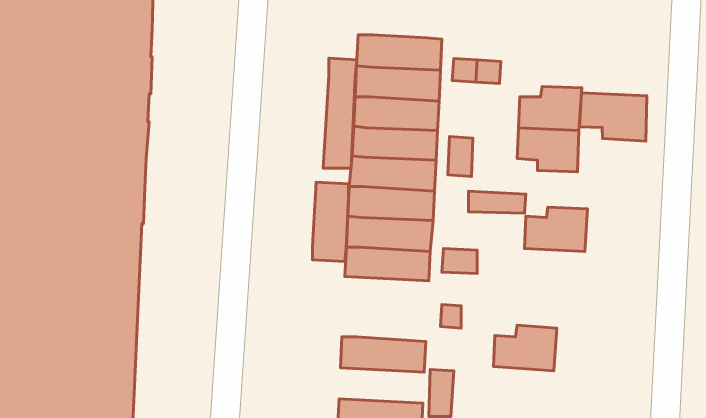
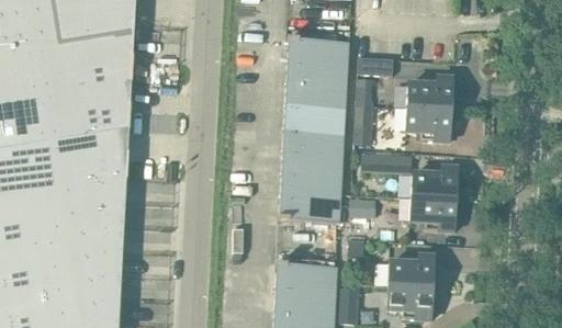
building: [323,58,357,168] -> none
building: [580,93,647,141] -> none
building: [312,182,349,262] -> none
building: none -> [409,197,456,230]
building: none -> [386,285,432,319]
building: none -> [272,286,336,313]

